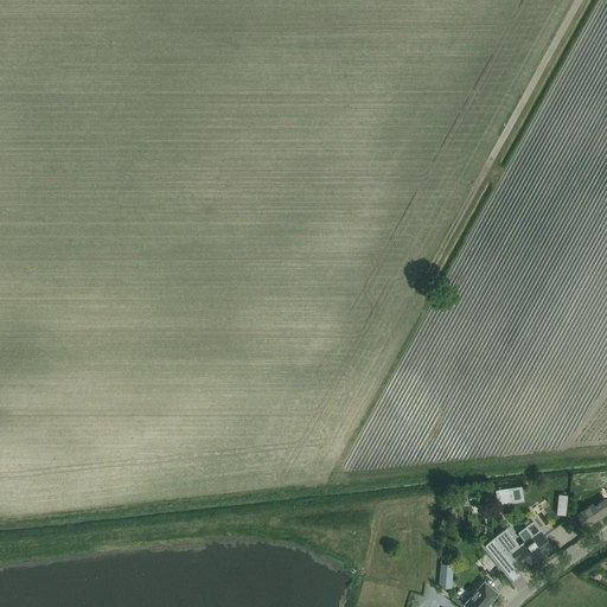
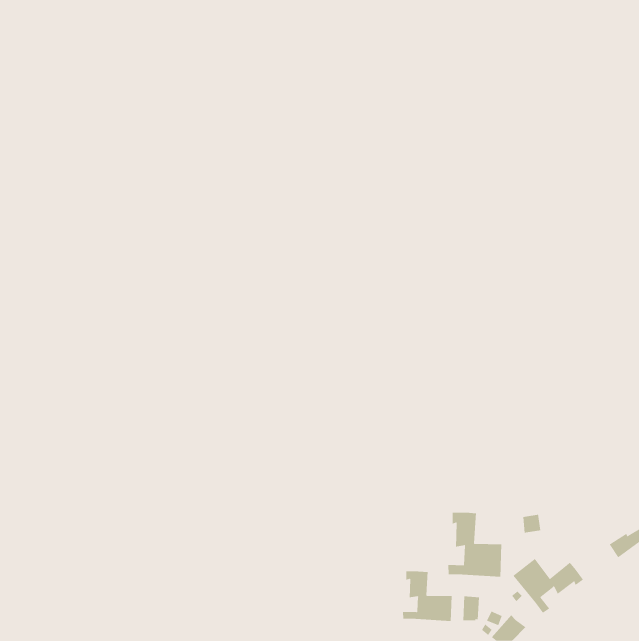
building: none -> [448,512,502,578]
building: none -> [402,571,452,622]

